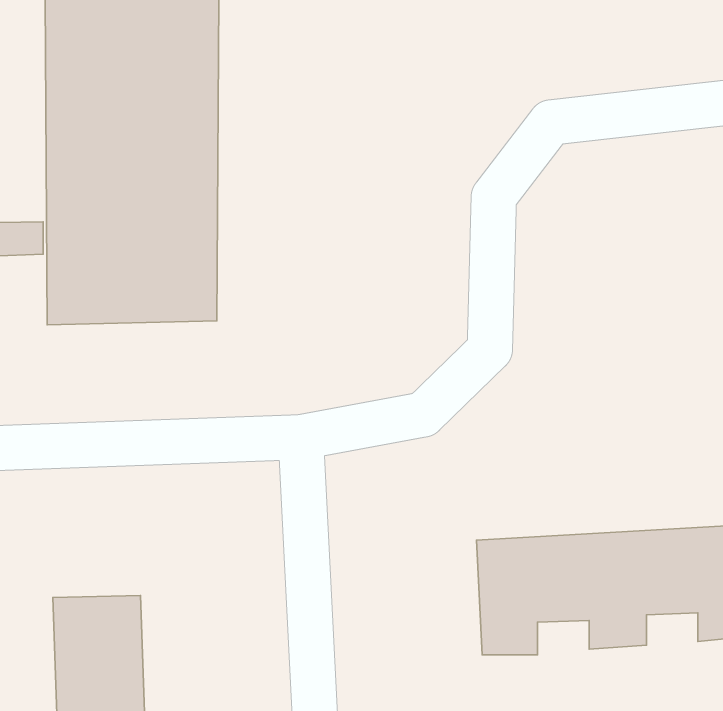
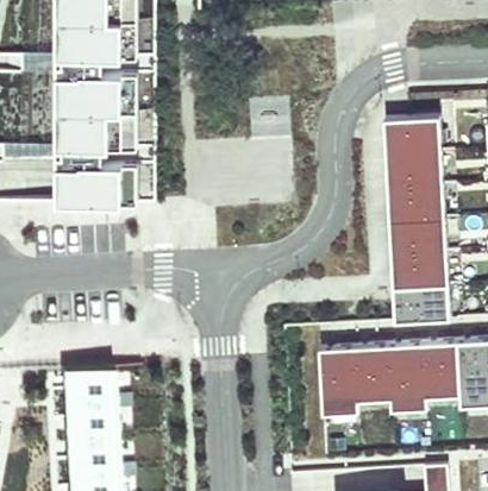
building: none -> [387,115,450,323]

